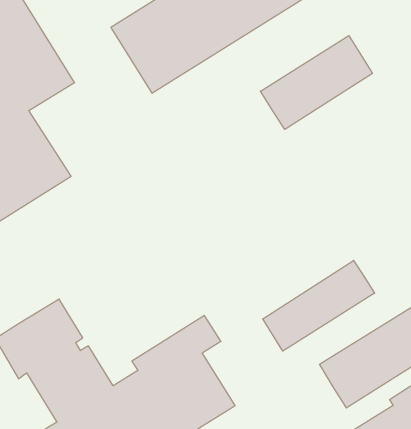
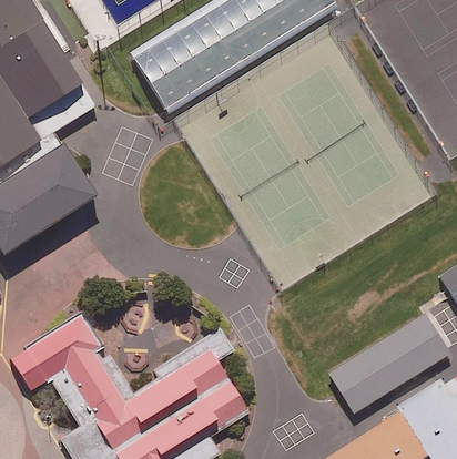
building: [260,36,372,129] -> none
building: [263,260,375,351] -> none

